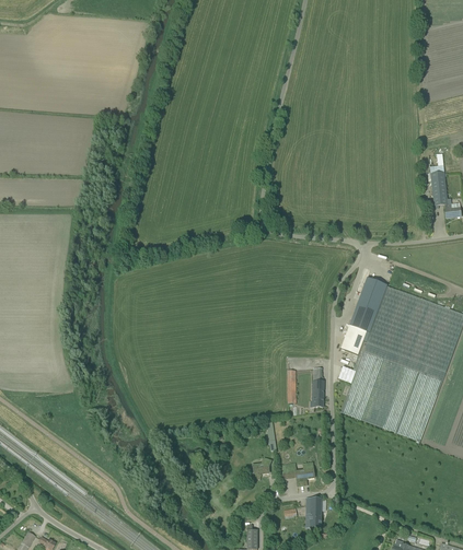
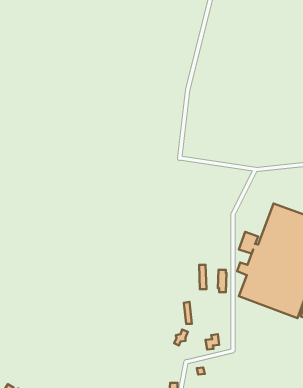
building: [349,278,387,332] -> none
building: [306,498,322,528] -> none

